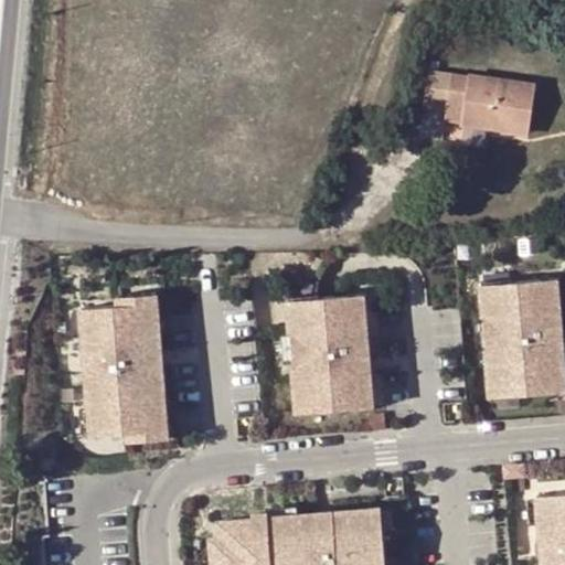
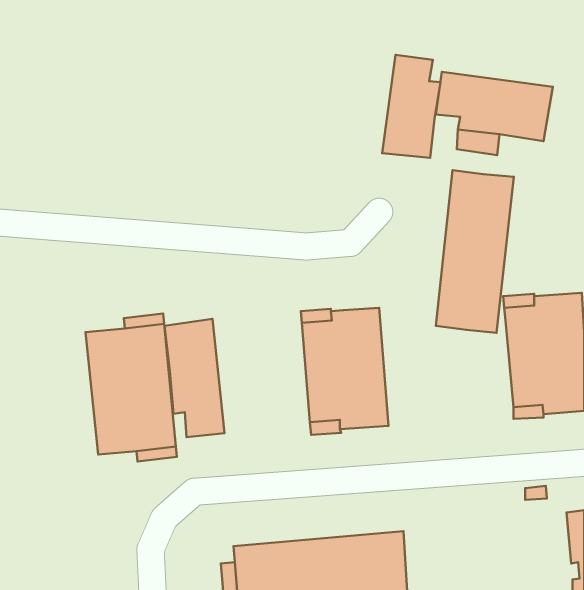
building: none -> [382,55,440,158]
building: none -> [436,170,514,333]
building: none -> [164,319,224,437]

